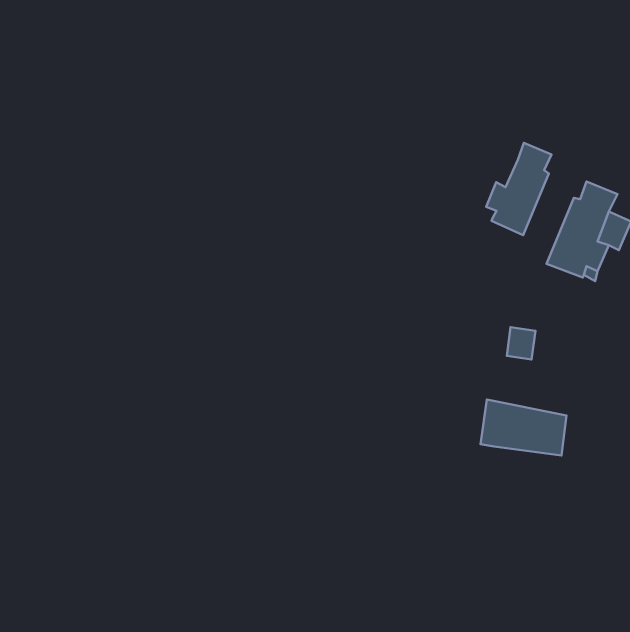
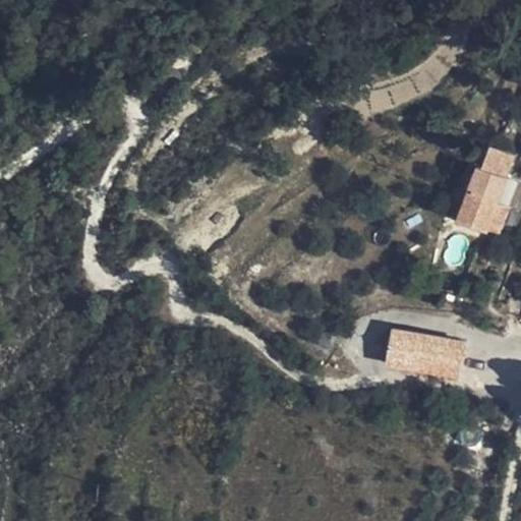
building: [486,143,551,235] -> none

